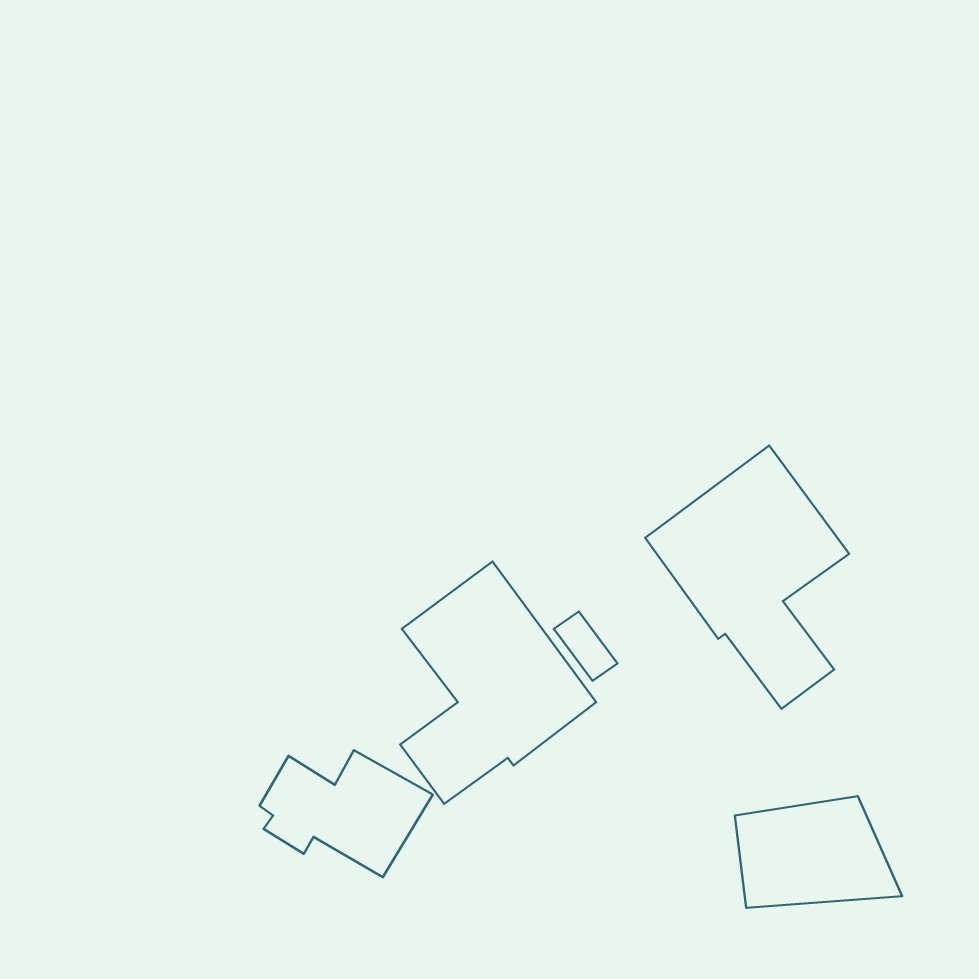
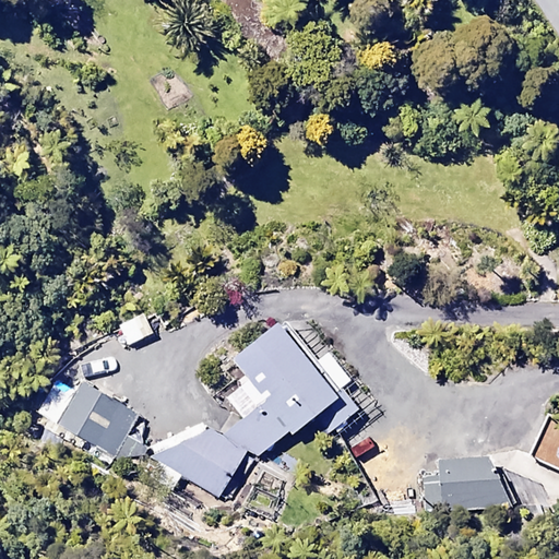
building: [645,445,849,709] -> none
building: none -> [59,380,139,454]

